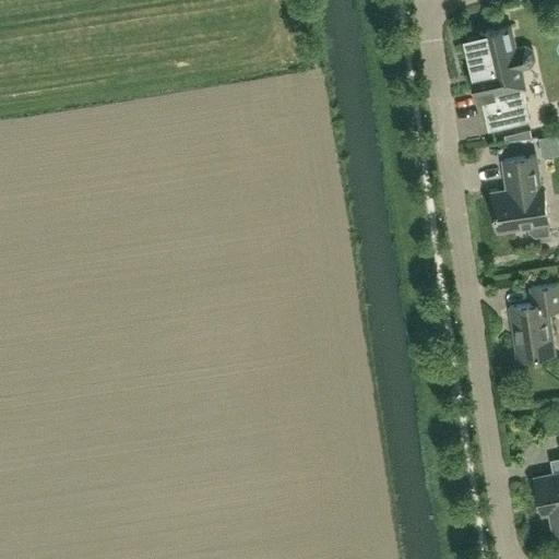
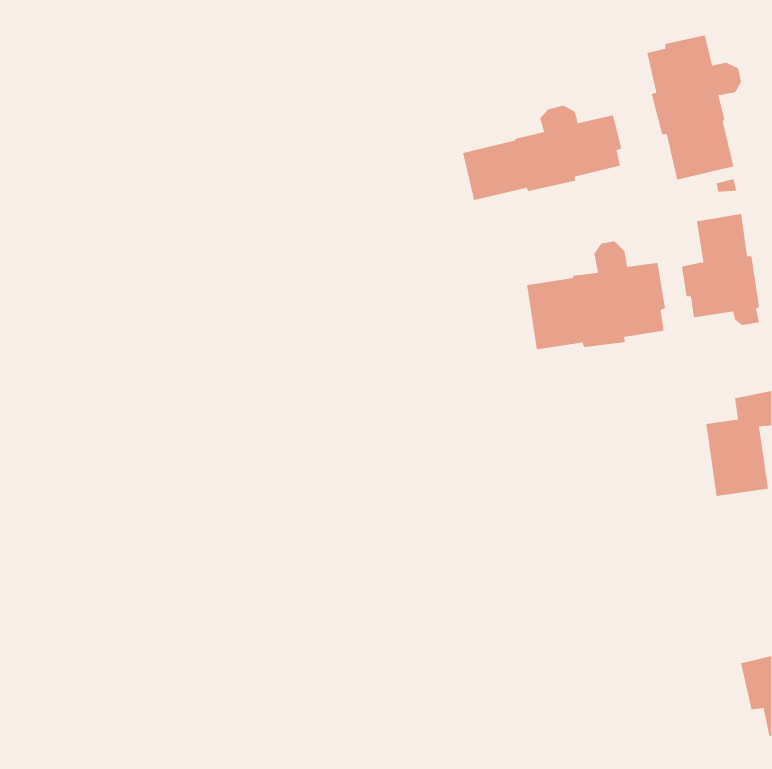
building: none -> [462,105,622,201]
building: none -> [527,241,665,350]

